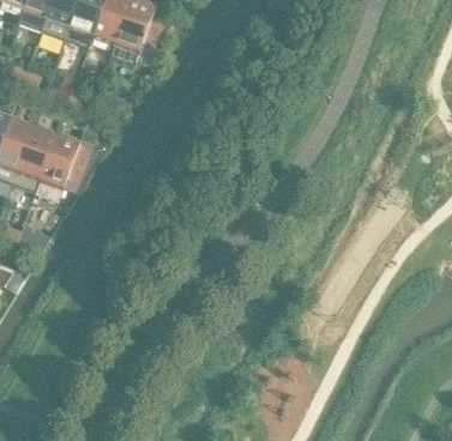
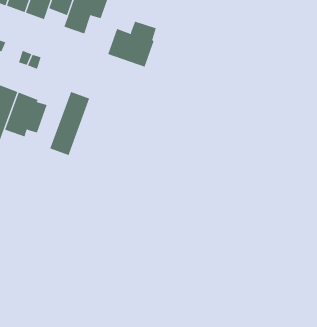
building: none -> [107,21,156,68]
building: none -> [50,91,90,156]

